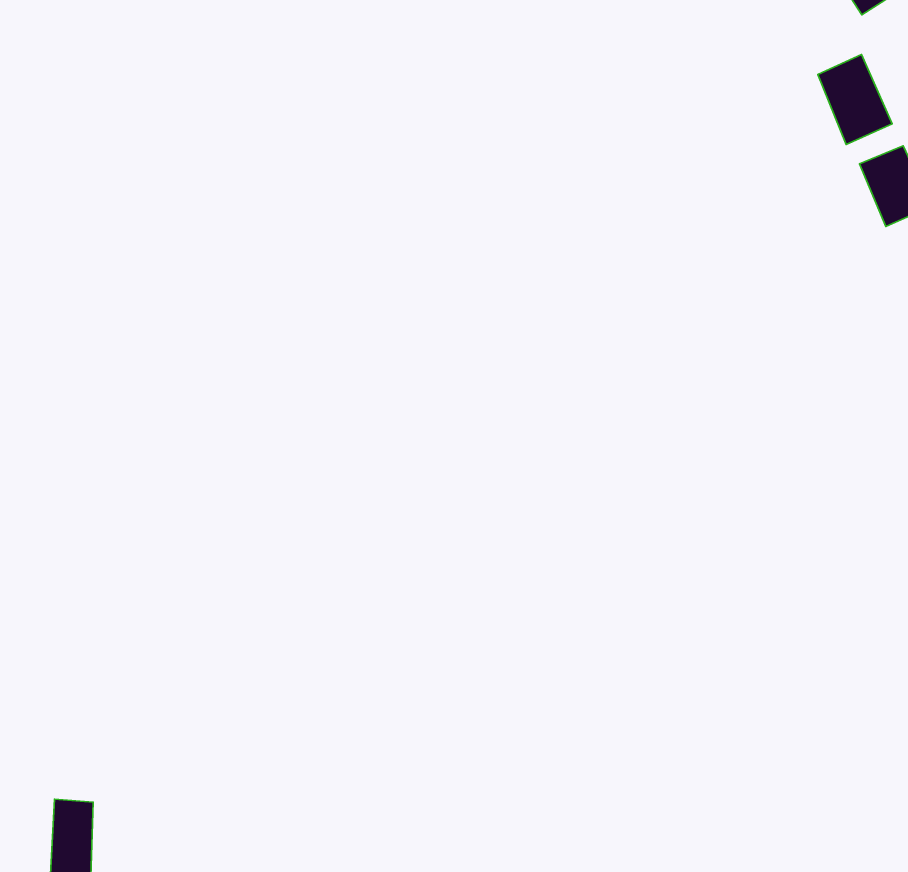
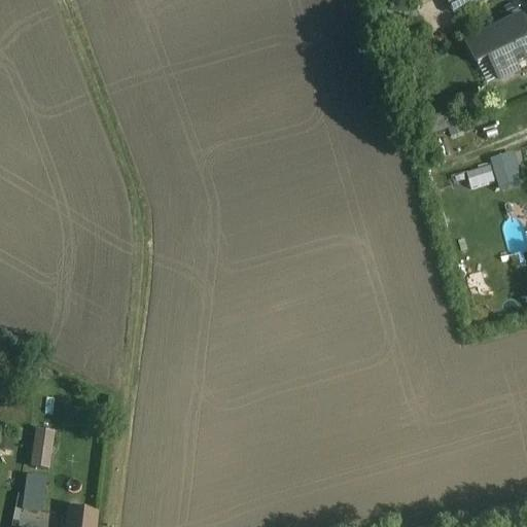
building: [818,54,892,145] -> none

